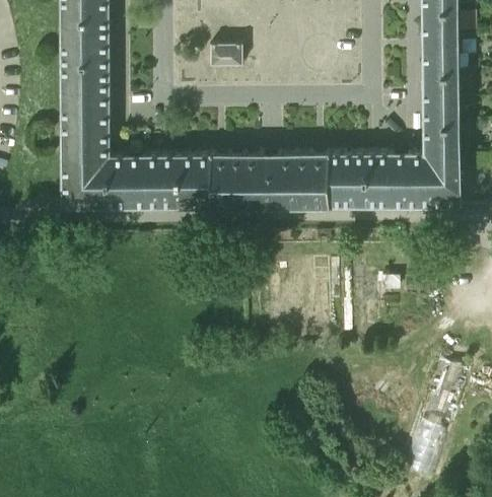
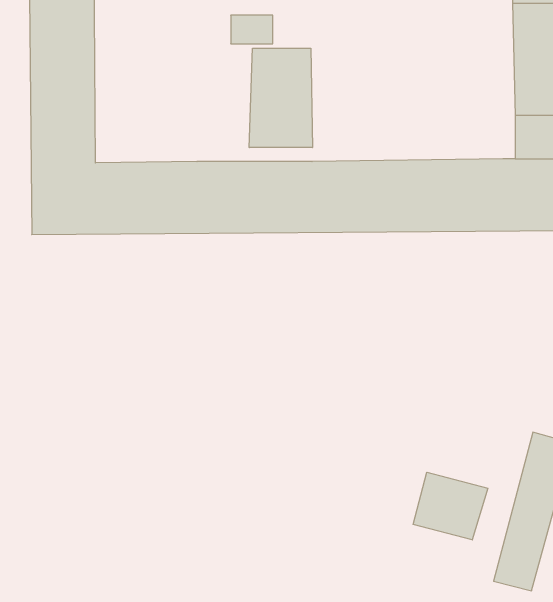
building: none -> [249,48,312,148]
building: none -> [413,472,488,540]

